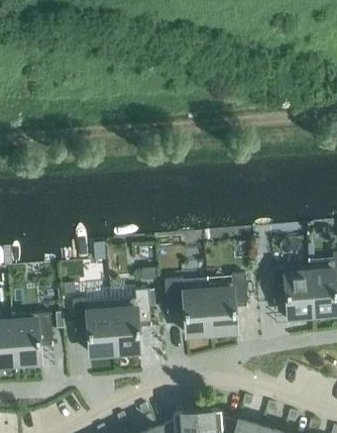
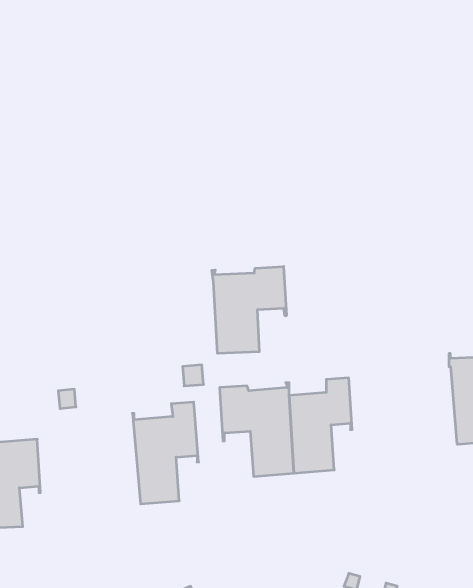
building: none -> [212,266,286,353]
building: [271,266,315,321] -> none
building: [73,296,116,354] -> none

